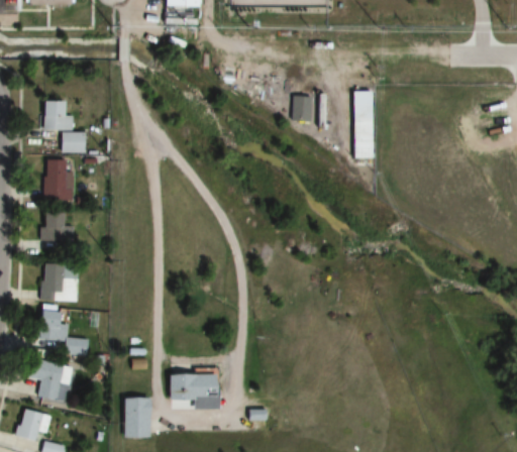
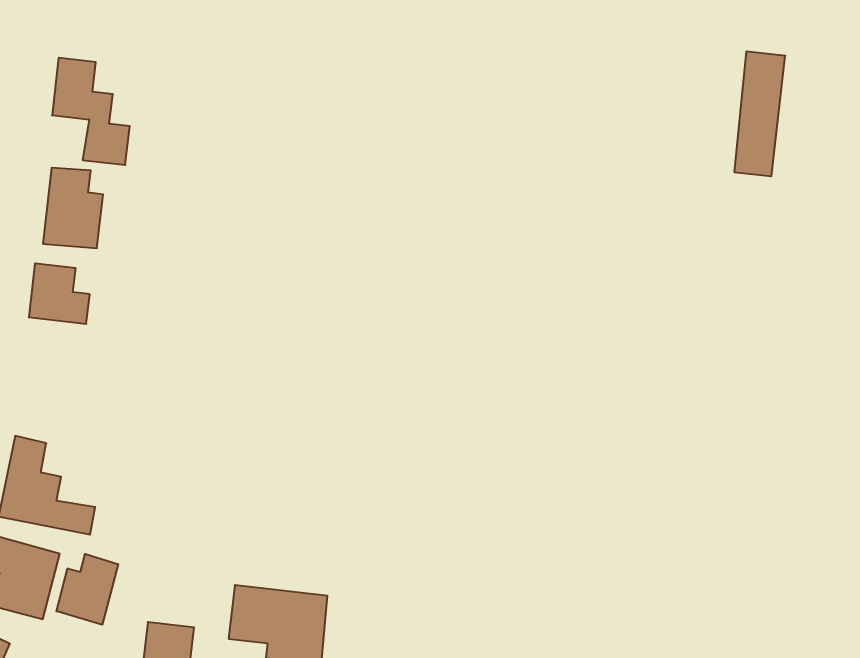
building: [353,92,375,157] -> [734,51,785,176]
building: [293,96,314,122] -> none
building: [43,262,78,302] -> none
building: none -> [56,554,118,625]

